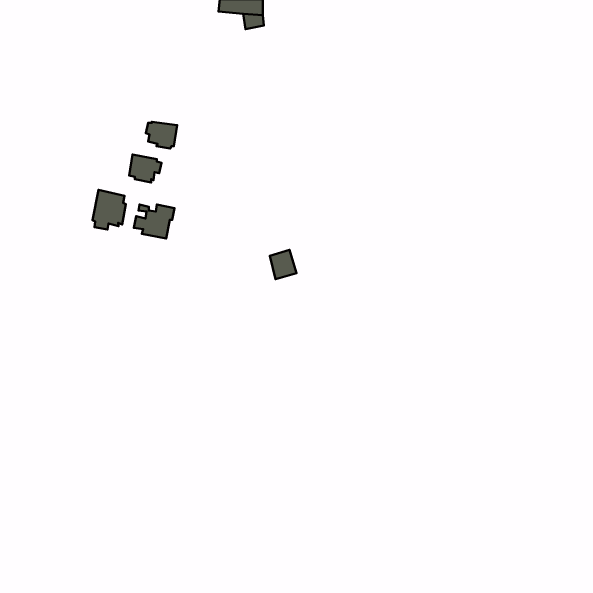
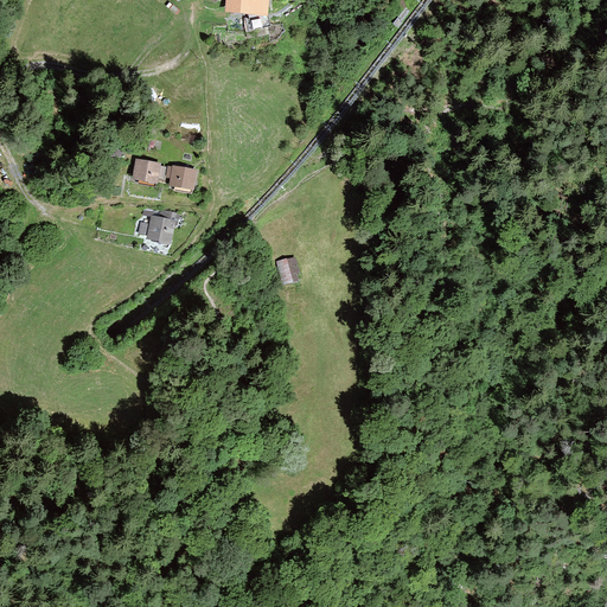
building: [146,122,177,148] -> [165,165,197,192]
building: [93,190,126,230] -> none

